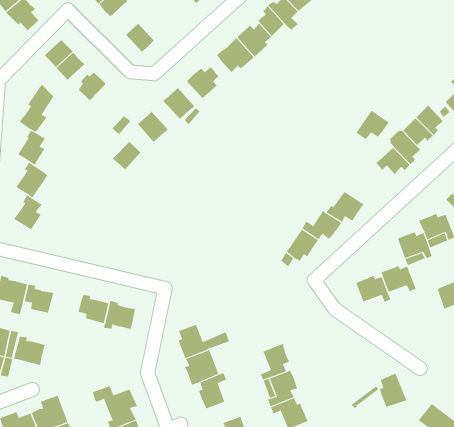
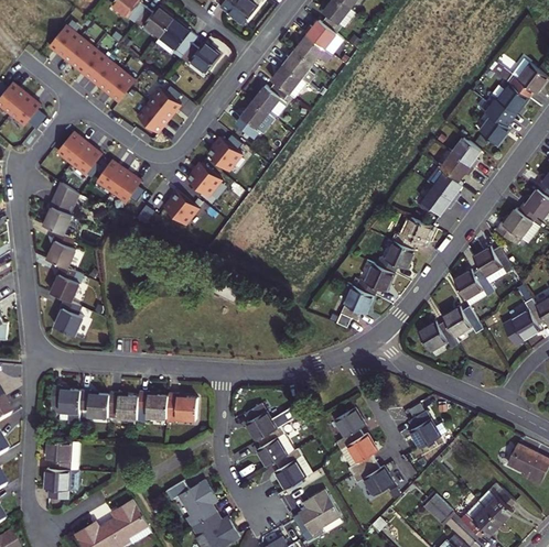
building: none -> [149,86,181,118]
building: [356,110,389,140] -> [398,217,431,249]
building: [112,141,141,170] -> [112,171,141,201]
building: [13,336,45,365] -> [107,393,138,419]
building: [379,373,407,407] -> [409,411,441,448]

